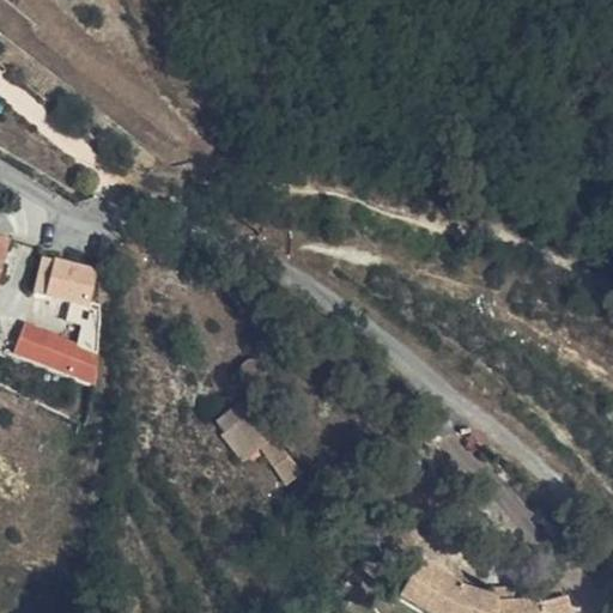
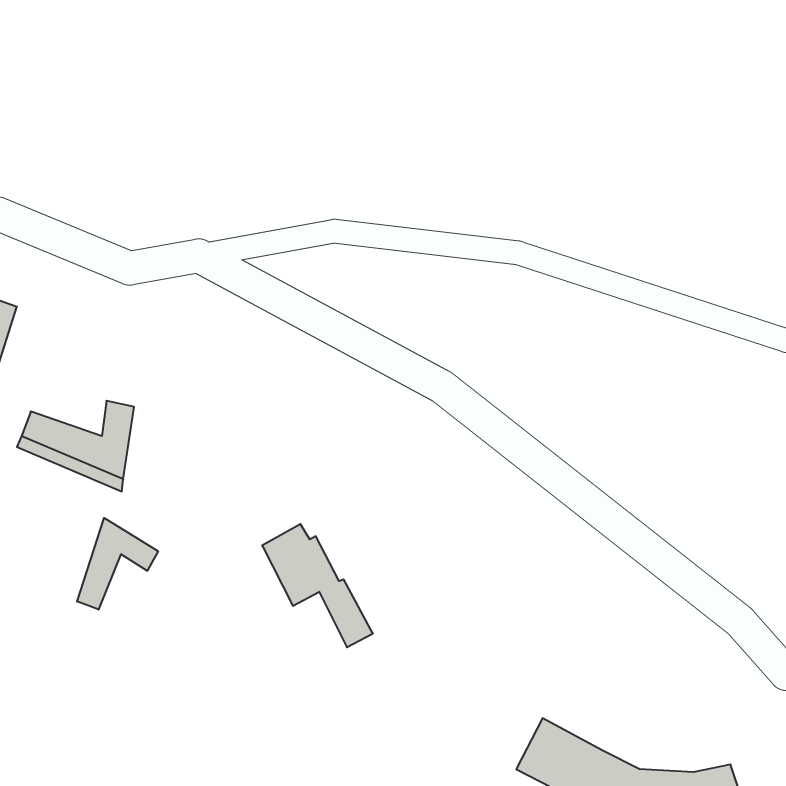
building: [32,256,97,308] -> none
building: none -> [77,518,158,610]

